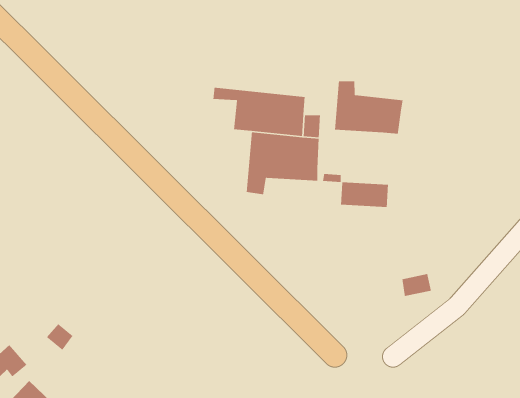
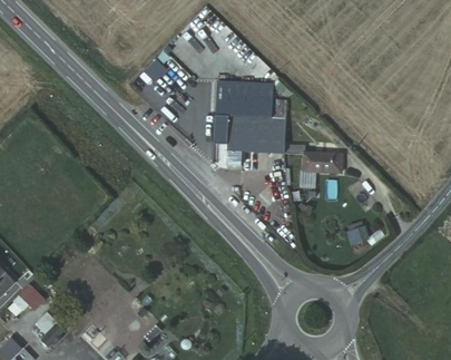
building: [334,80,404,134] -> none

